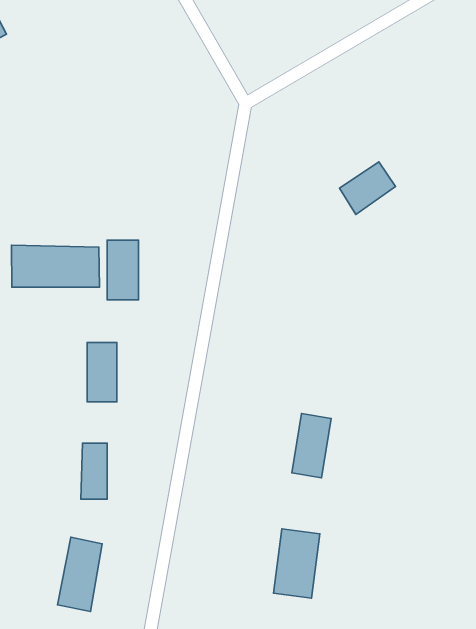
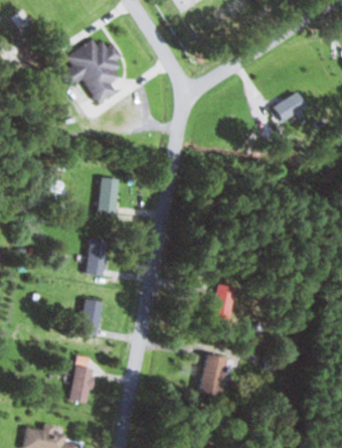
building: none -> [60,35,121,103]
building: [339,162,395,215] -> [273,91,307,123]
building: [12,245,99,287] -> none

